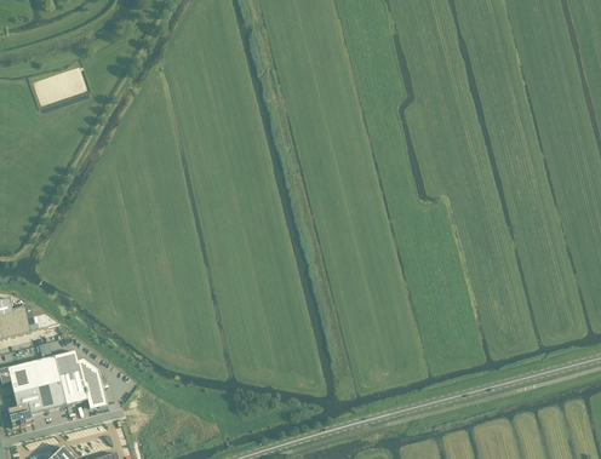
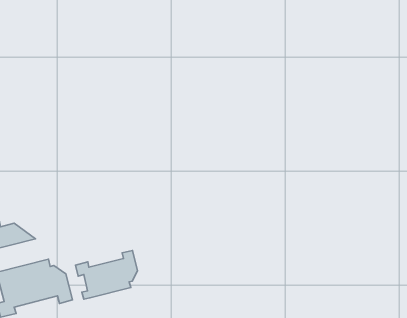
building: none -> [75,250,138,299]

